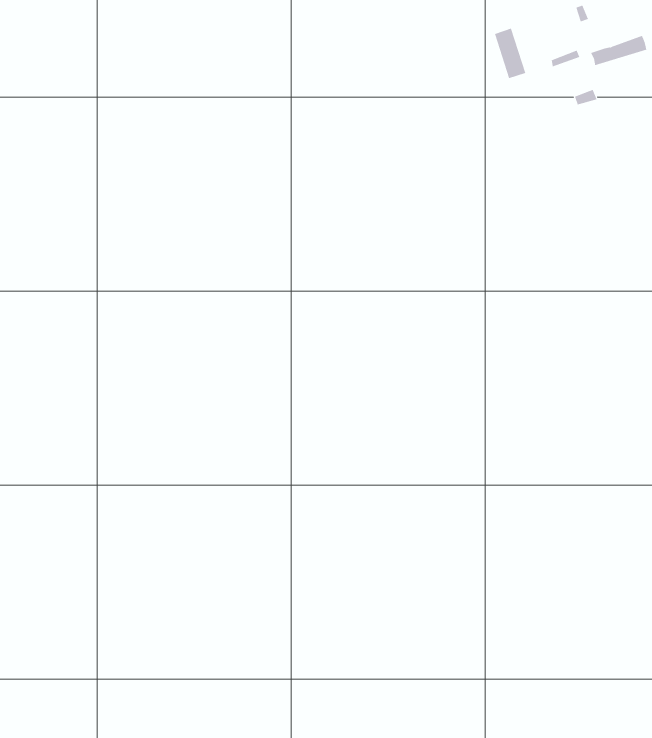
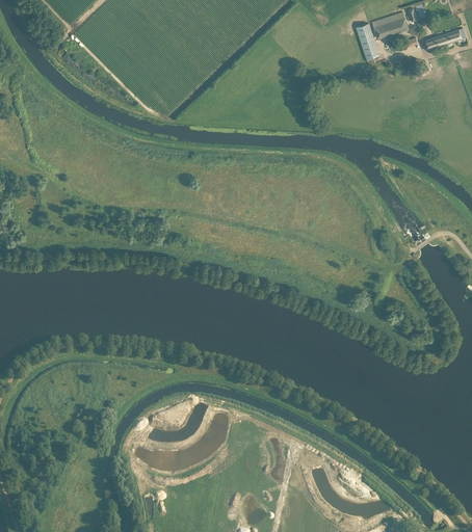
building: none -> [371,10,408,36]

